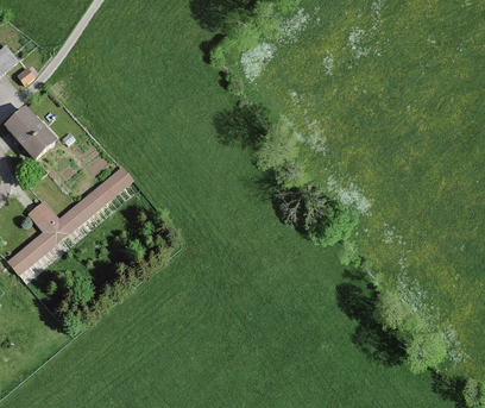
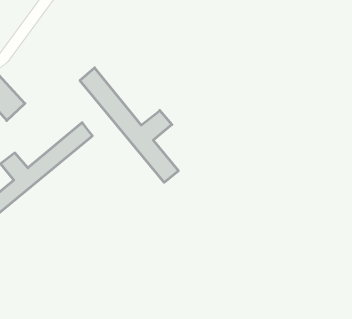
building: none -> [80,68,178,182]

